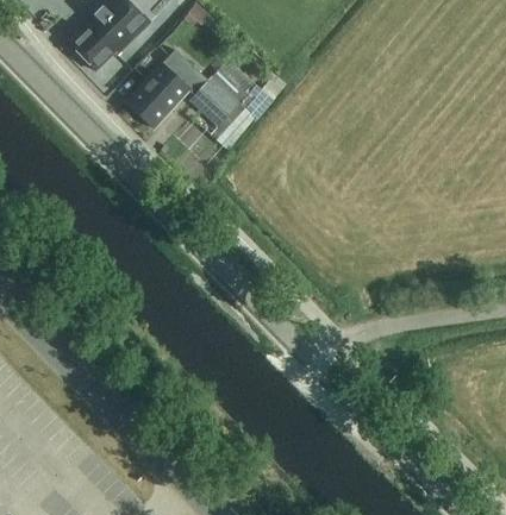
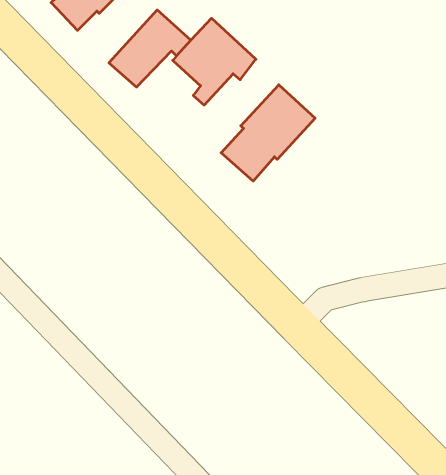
building: none -> [221,85,315,181]

